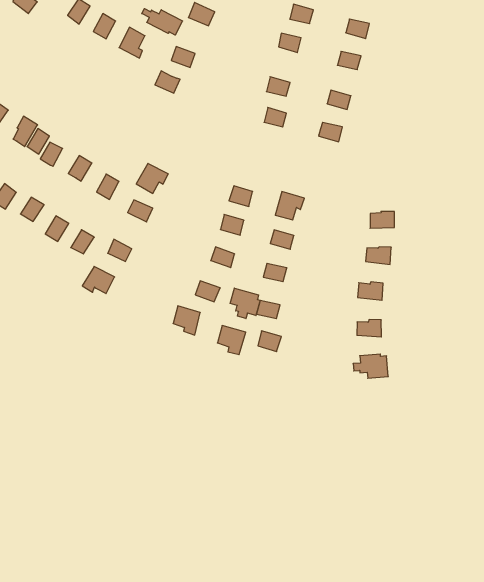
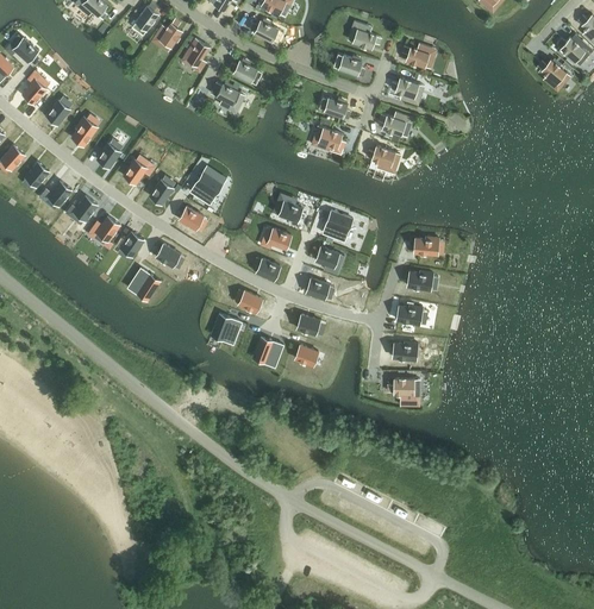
building: [142,9,183,35] -> none
building: [230,288,260,319] -> none

